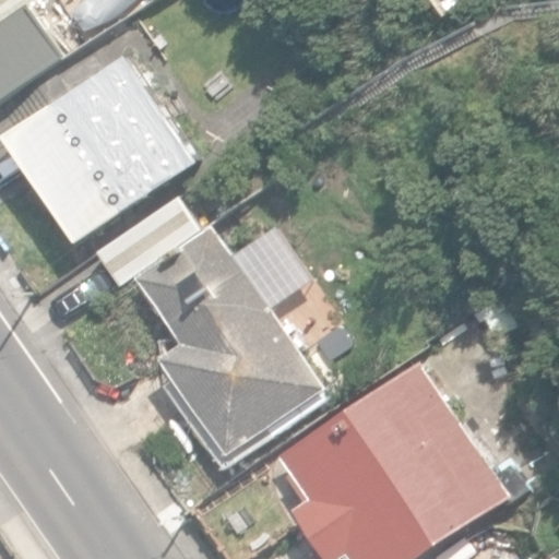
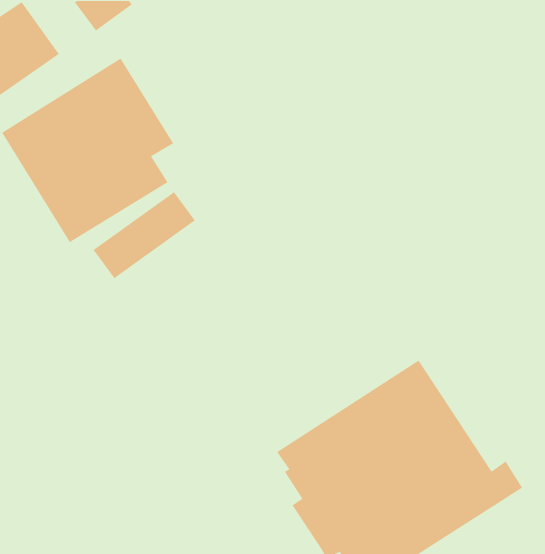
building: [134,222,323,453] -> none

